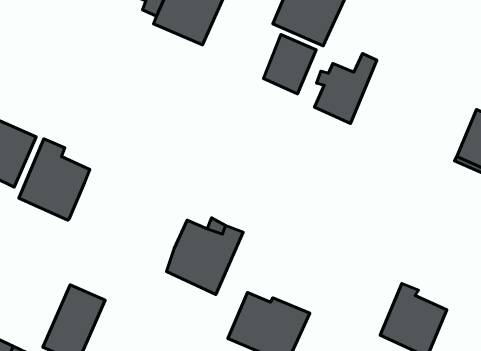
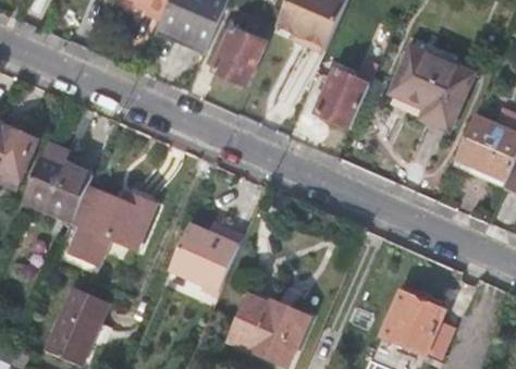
building: [263,35,316,94] -> [211,24,263,83]
building: none -> [390,46,474,128]
building: none -> [67,186,156,266]

